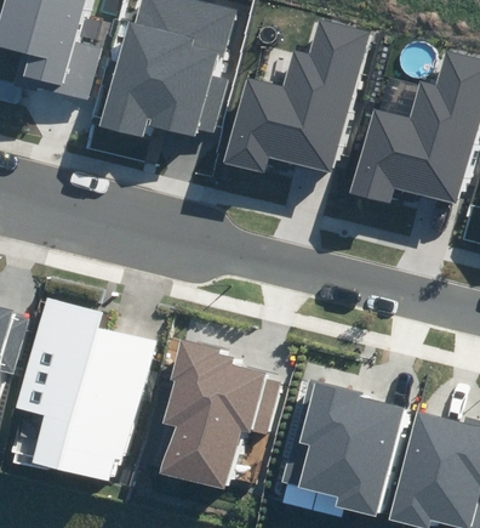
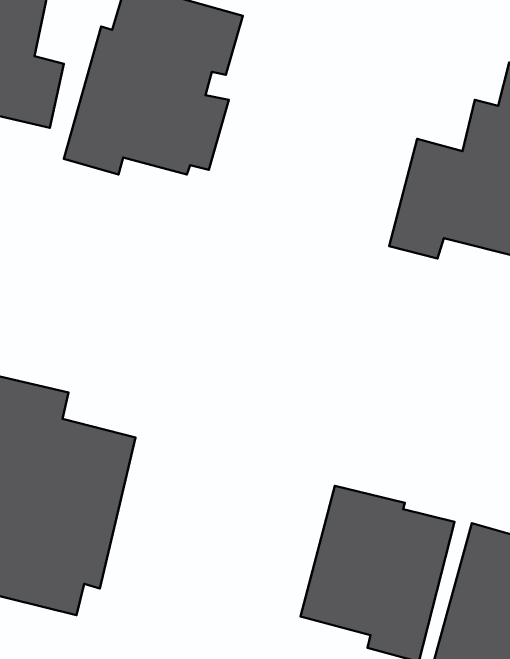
building: [222,19,368,174] -> none
building: [162,339,280,490] -> none

